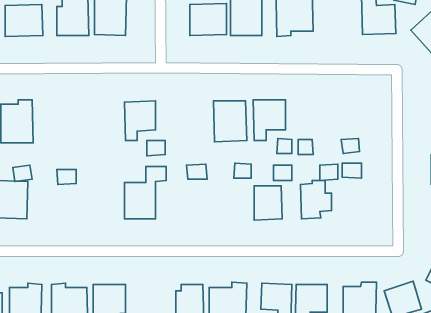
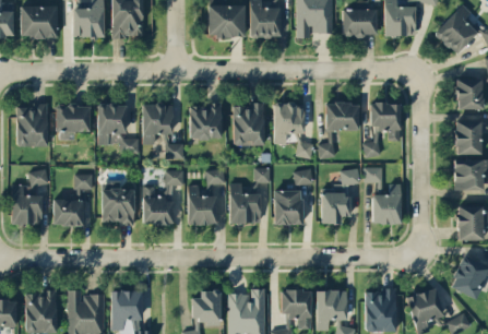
building: none -> [342,9,379,36]
building: none -> [189,103,225,139]
building: none -> [325,103,361,130]
building: none -> [370,103,403,140]
building: none -> [96,104,139,154]
building: none -> [57,105,91,140]
building: none -> [229,182,262,223]
building: none -> [370,183,403,224]
building: none -> [187,184,218,225]
building: none -> [102,188,135,224]
building: none -> [52,200,84,225]

